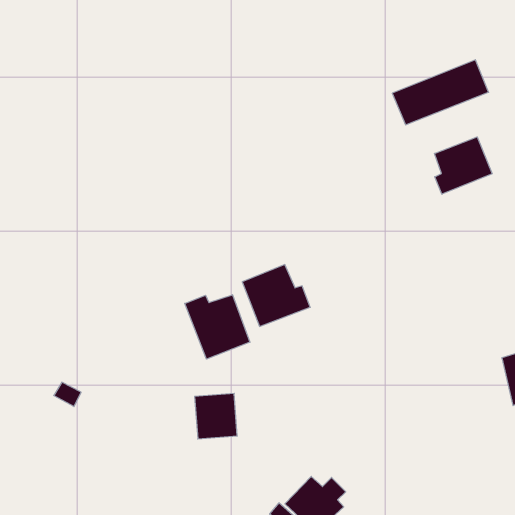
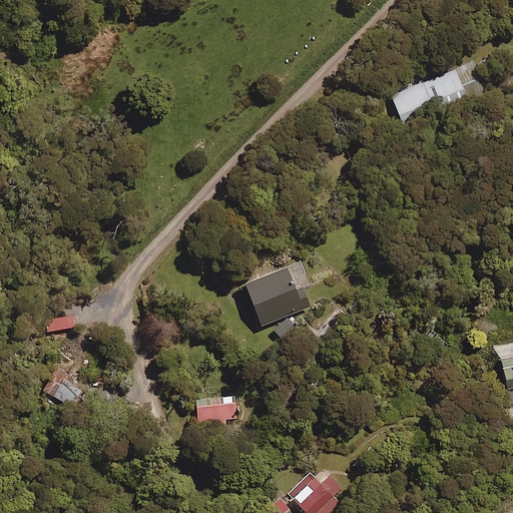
building: [435,137,492,194] -> none
building: [185,295,250,359] -> none

